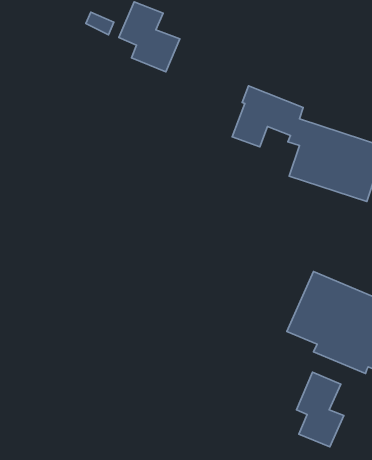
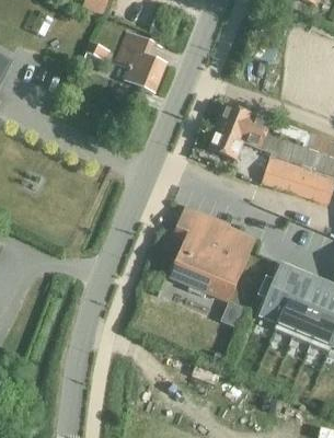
building: none -> [171,205,249,306]
building: [296,372,344,447] -> none

